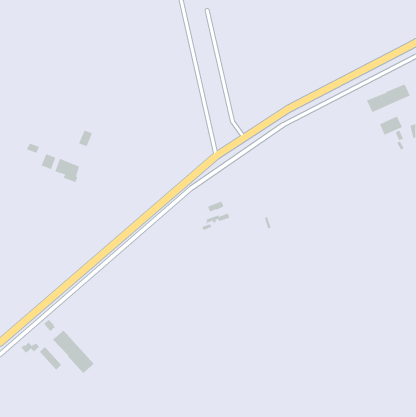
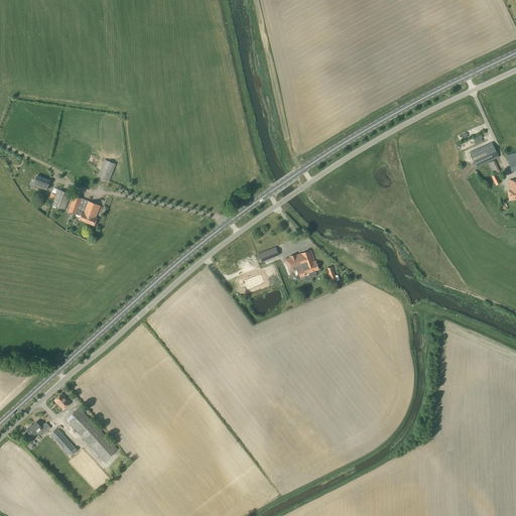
building: [366,83,411,113] -> none
building: none -> [284,250,317,282]

